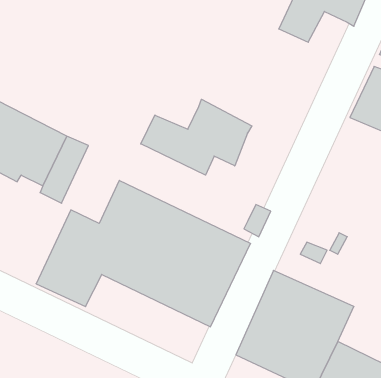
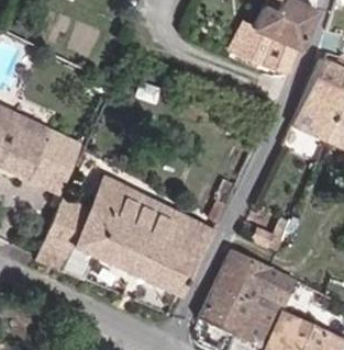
building: [141,99,252,175] -> none

